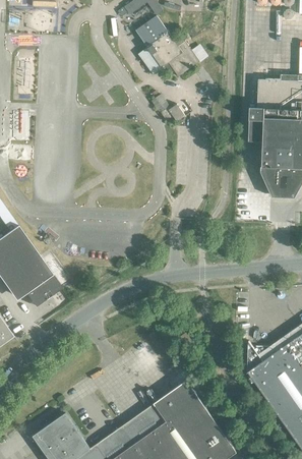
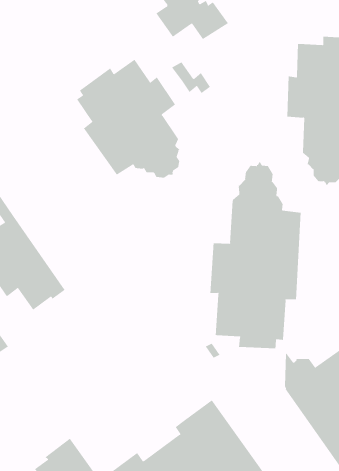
building: none -> [76,59,180,179]
building: none -> [210,161,301,349]

